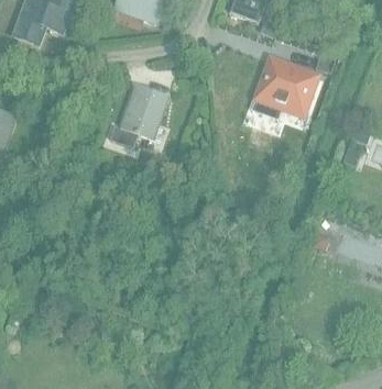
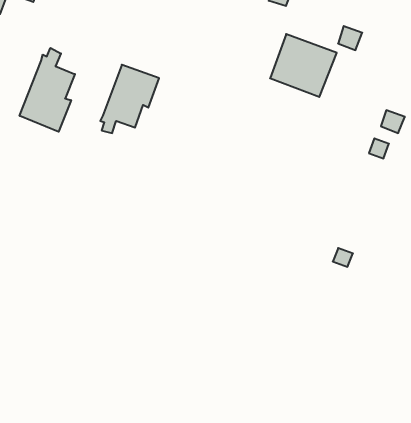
building: none -> [20,48,75,132]

